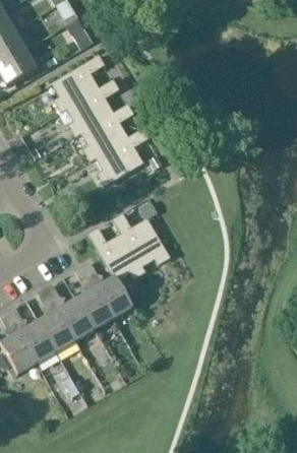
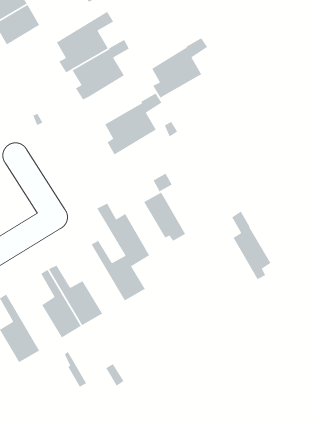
building: [81,105,133,160] -> [151,37,208,99]
building: [113,213,150,276] -> [231,210,272,280]
building: [74,266,113,329] -> none
building: [6,306,56,363] -> none

